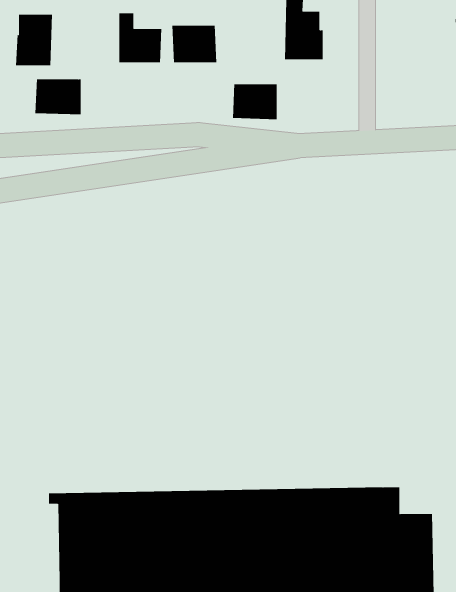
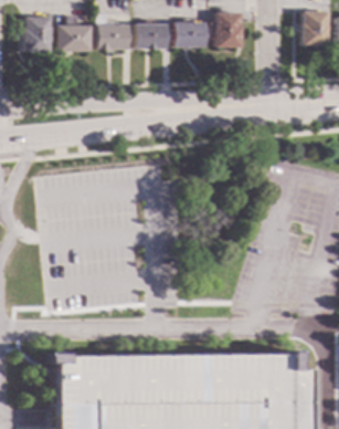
building: none -> [301,11,328,46]
building: [35,79,81,115] -> [56,27,89,52]
building: [232,84,277,120] -> [173,23,205,49]

